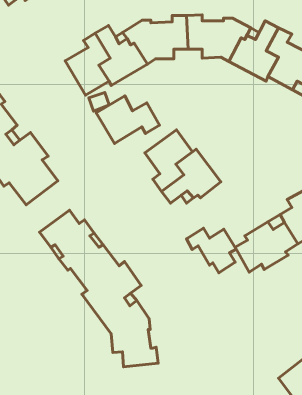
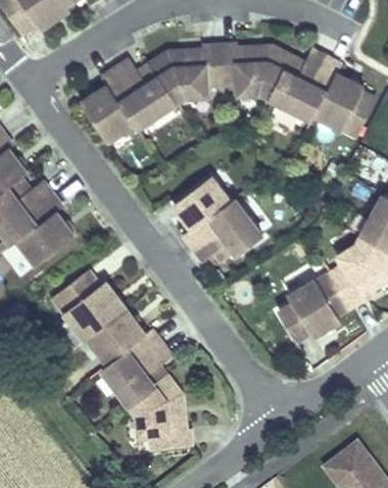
building: [96,96,160,143] -> none
building: [186,228,236,273] -> none

